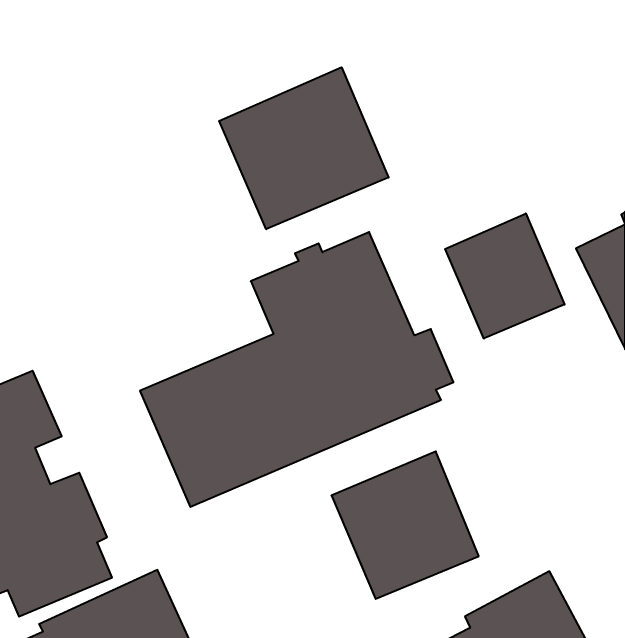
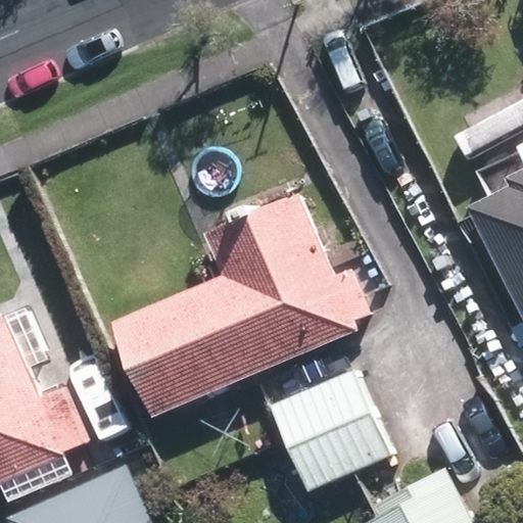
building: [219,67,389,229] -> none
building: [445,213,565,339] -> none

